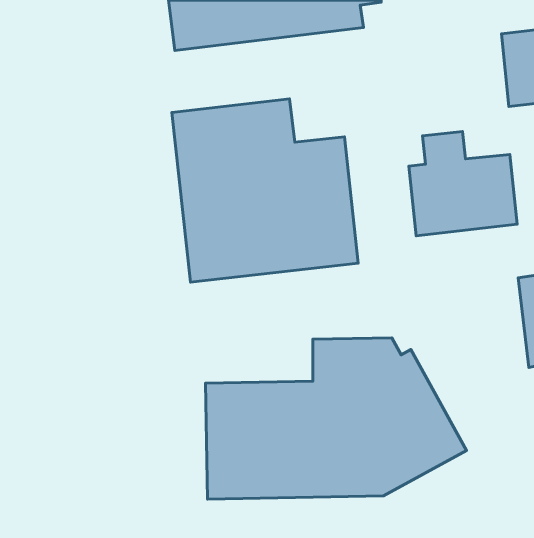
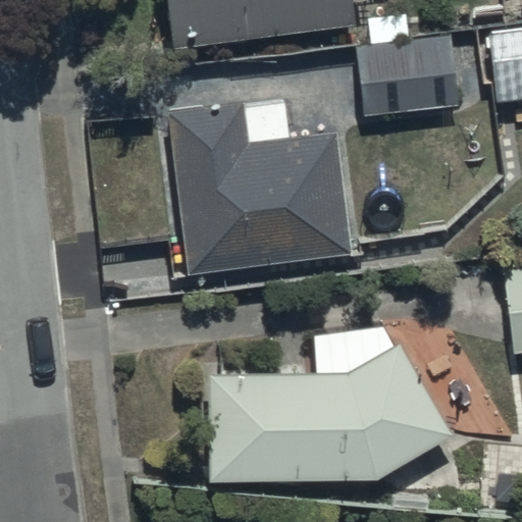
building: [409,131,517,236] -> [355,15,460,116]

